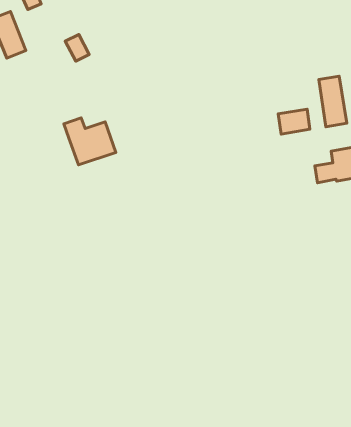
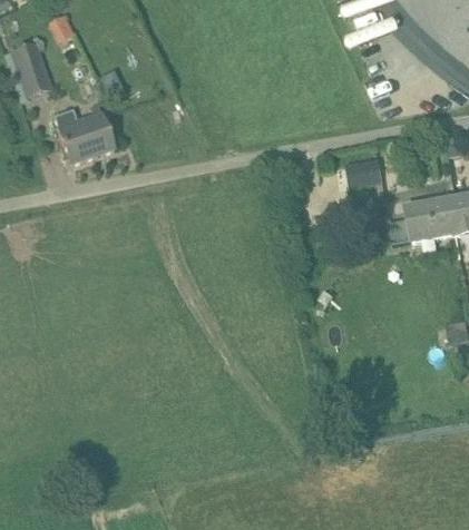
building: [319,76,347,127] -> none
building: [64,118,116,165] -> [53,108,114,163]

